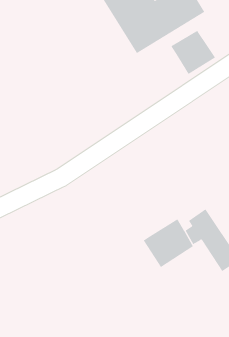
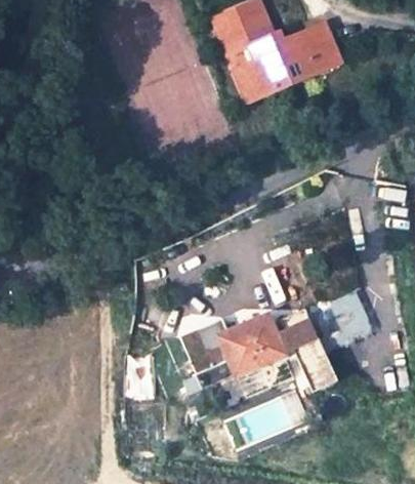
building: [171,30,216,75] -> none
building: none -> [179,317,230,374]

